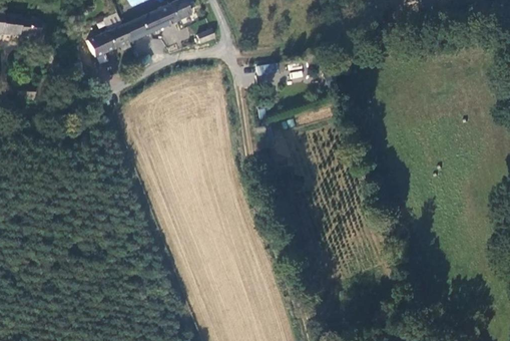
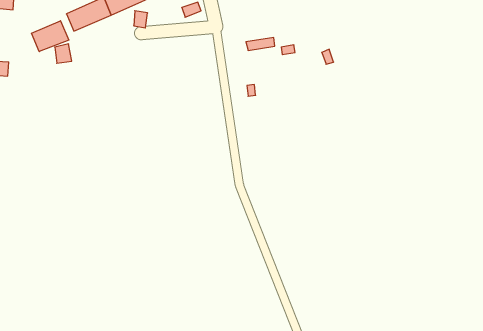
building: none -> [31,21,69,52]

